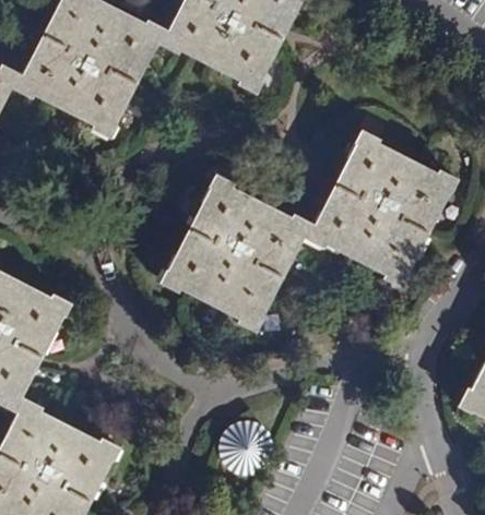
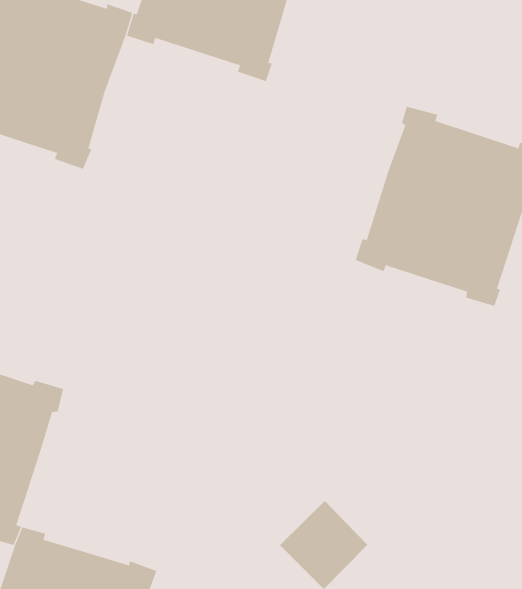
building: [159,173,311,333] -> none

